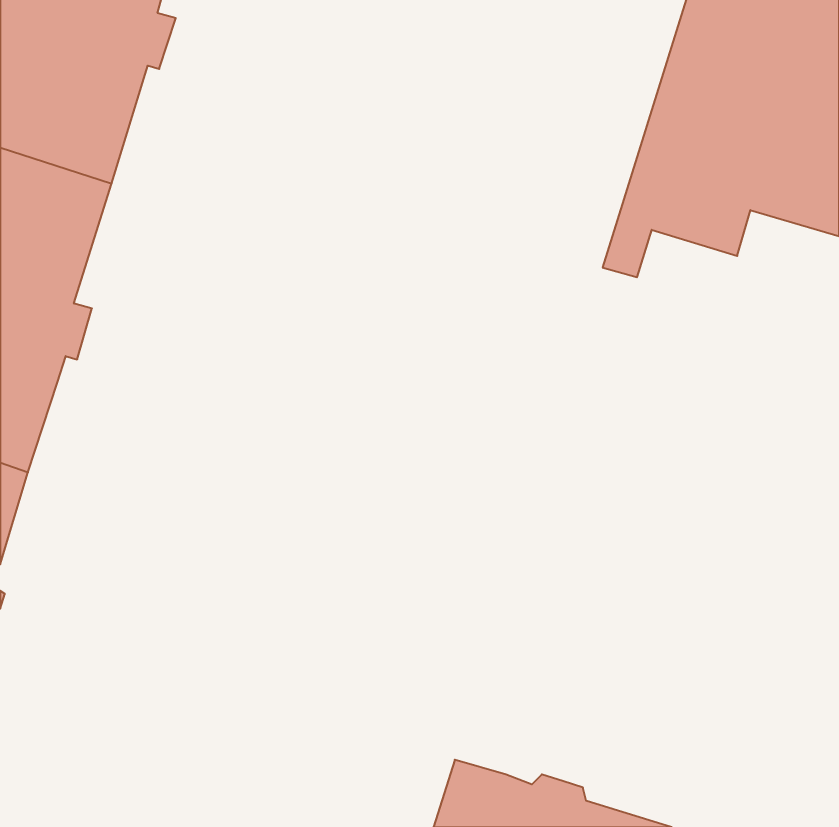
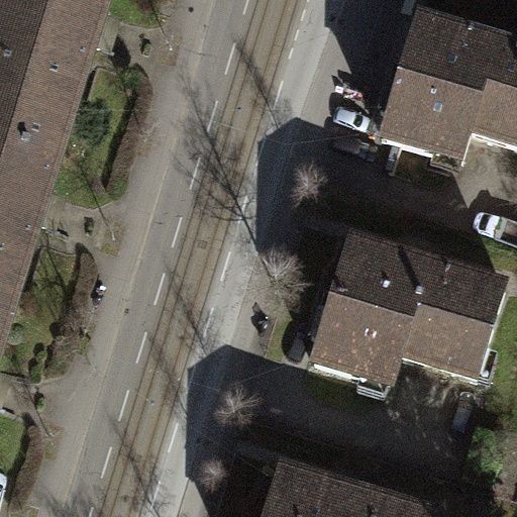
building: none -> [313,238,504,383]

